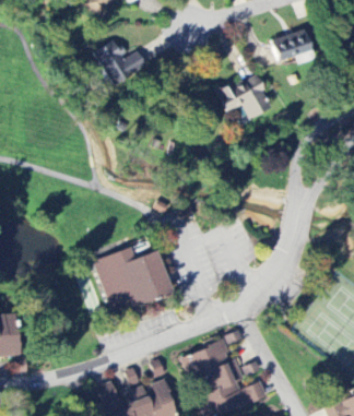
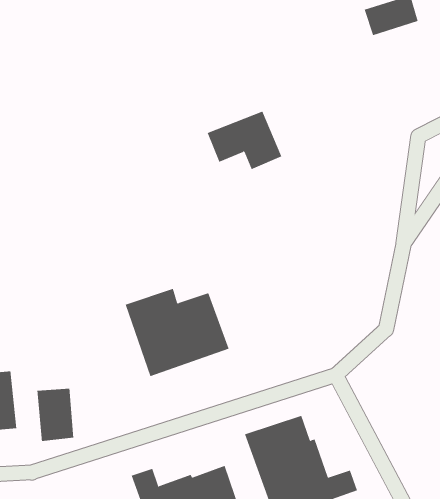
building: [95,39,148,85] -> none
building: [216,74,272,118] -> [207,111,282,170]
building: none -> [37,388,74,442]

